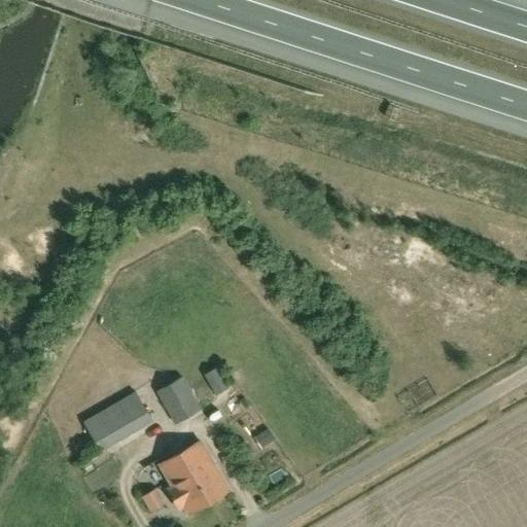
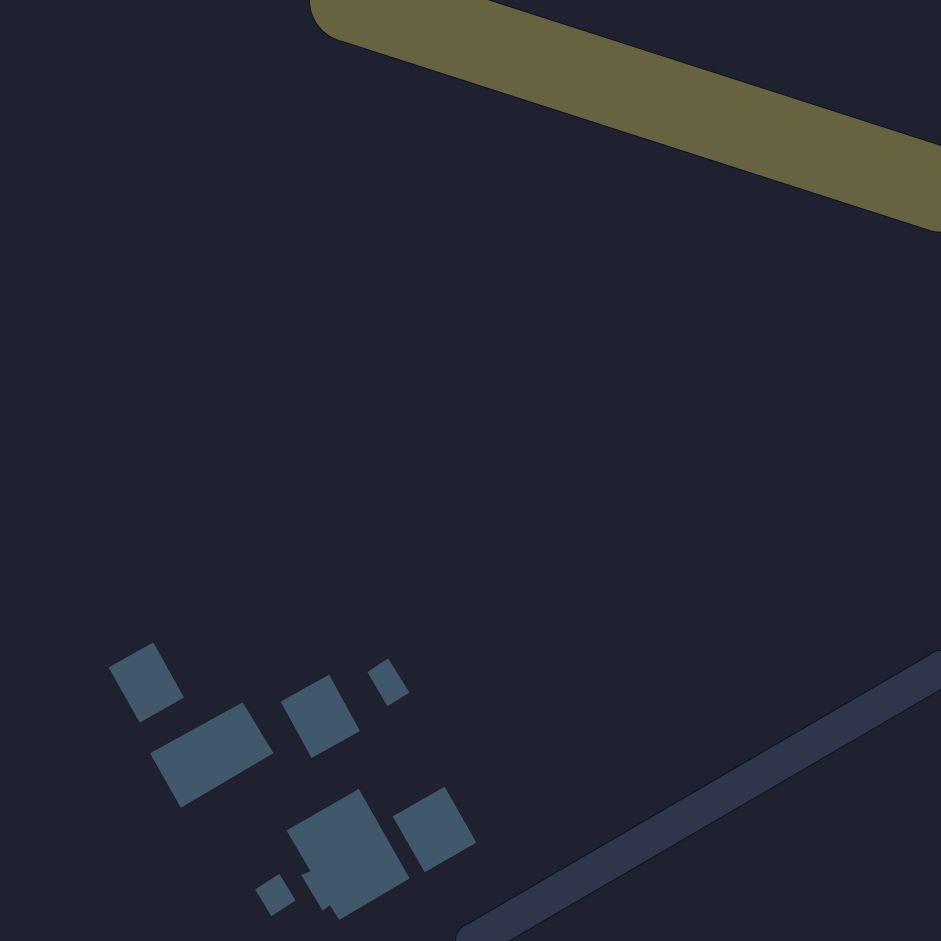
building: none -> [108,642,185,723]
building: none -> [392,786,477,873]

